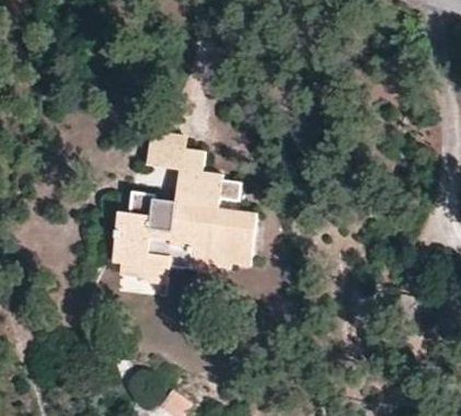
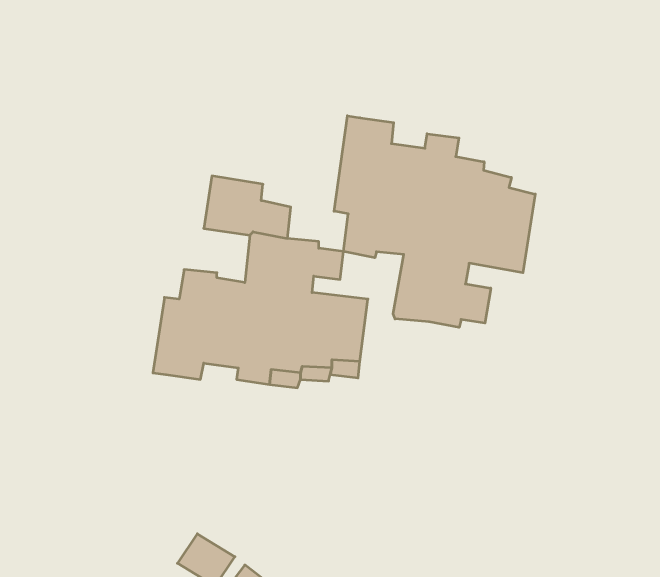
building: none -> [334,116,535,327]
building: [120,255,169,286] -> none

